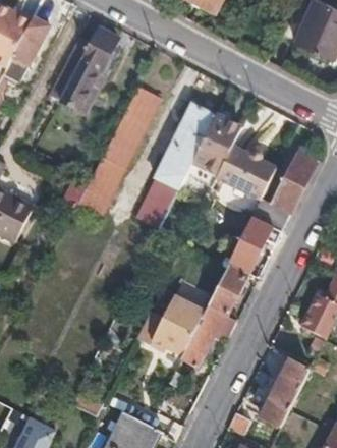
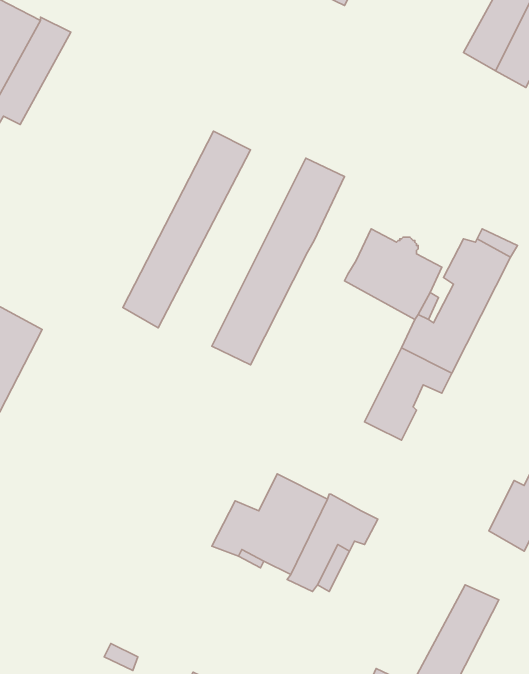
building: [49,29,117,112] -> none
building: [193,113,241,172] -> none
building: [208,263,246,316] -> none

